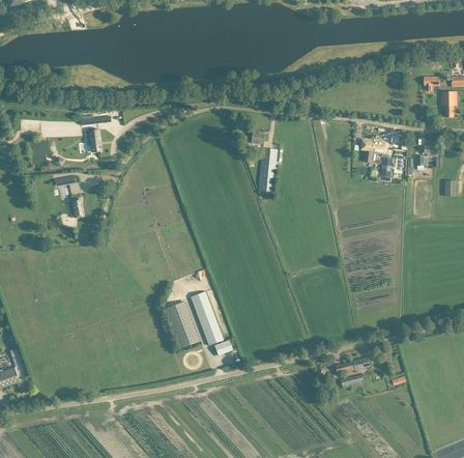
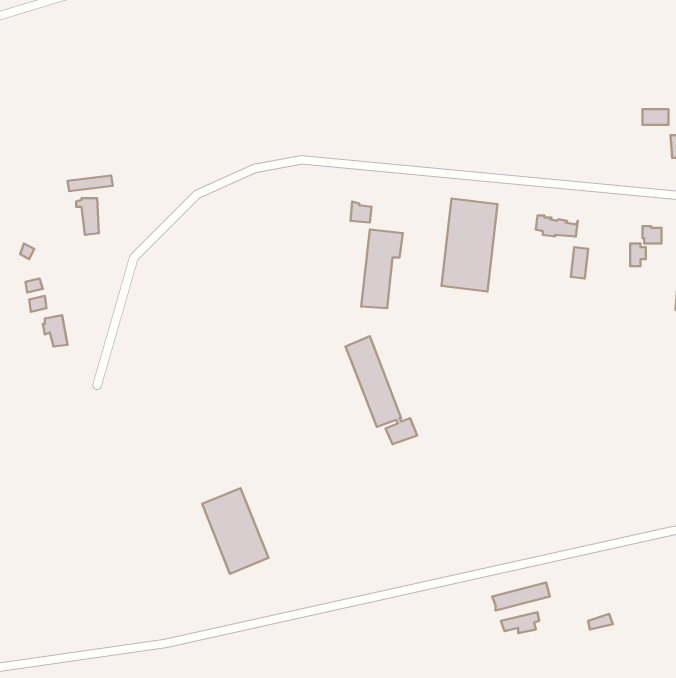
building: none -> [442,198,498,291]
building: [190,290,232,354] -> [345,336,417,444]

